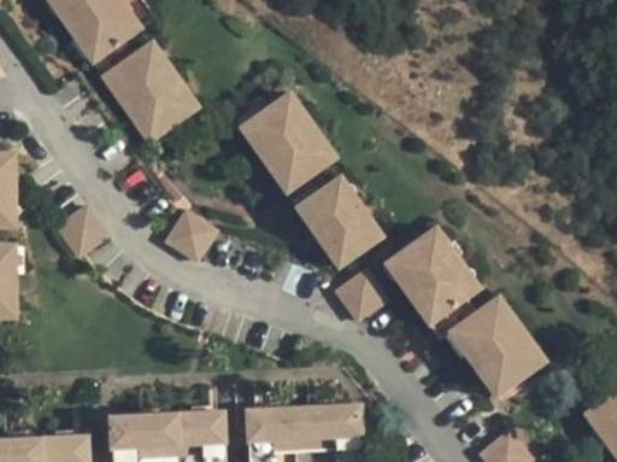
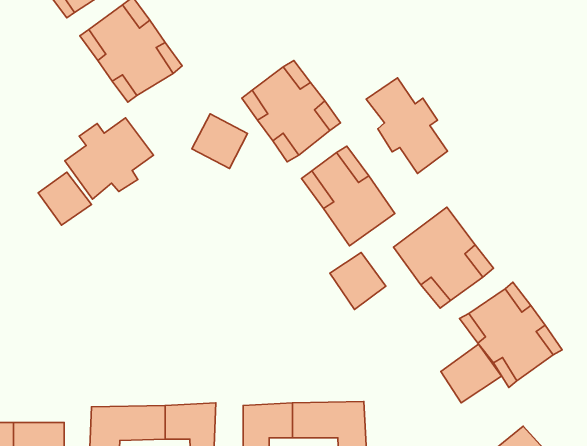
building: none -> [366,78,447,173]
building: none -> [65,118,153,199]
building: [168,204,219,255] -> [192,114,248,168]
building: none -> [441,344,501,403]

